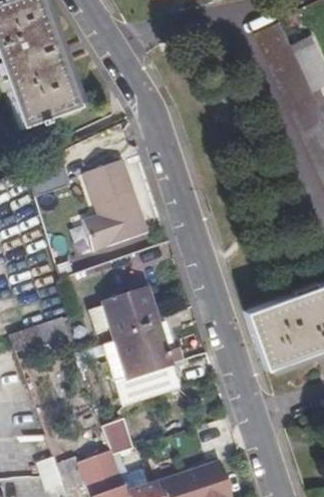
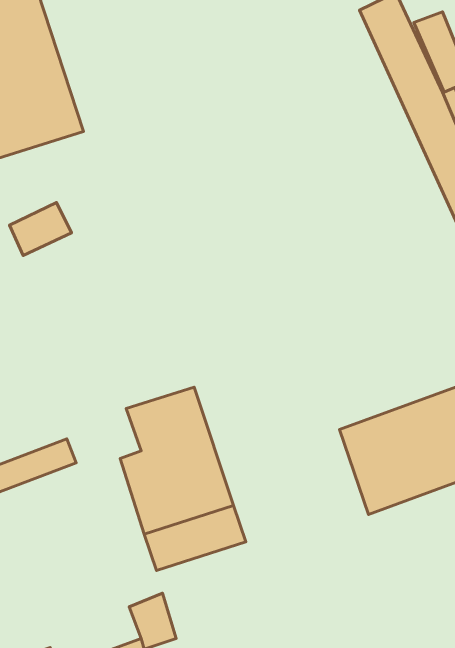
building: [85,164,147,252] -> none

